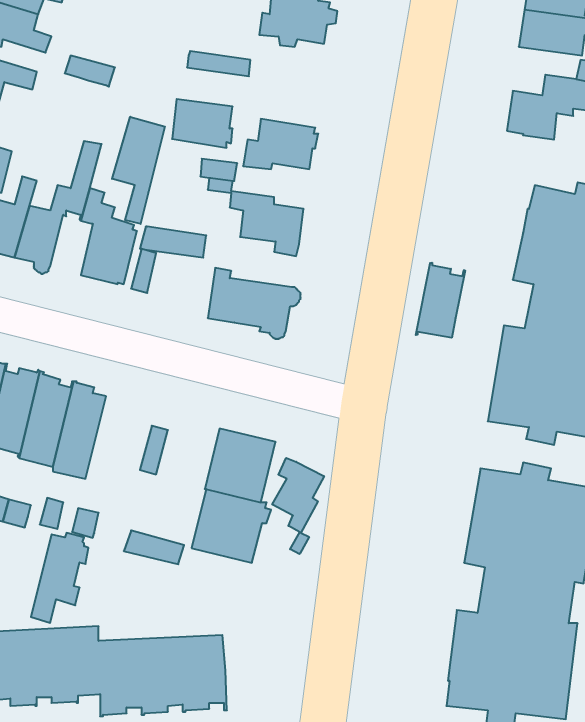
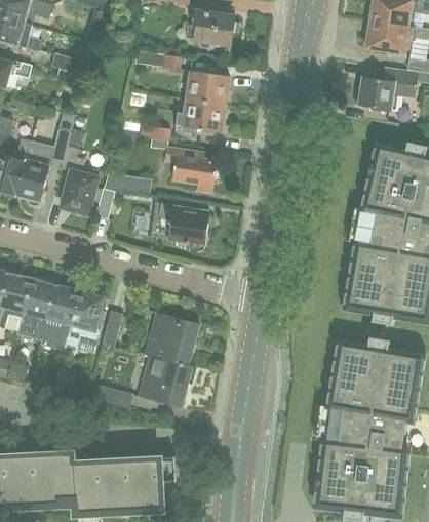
building: [172,99,233,148] -> [187,70,229,104]
building: [112,117,165,224] -> none
building: [416,263,465,338] -> none
building: [272,458,324,554] -> none
building: [31,533,88,623] -> [65,289,105,352]

